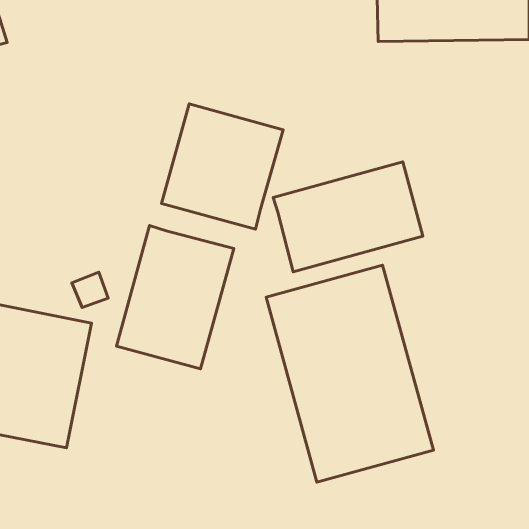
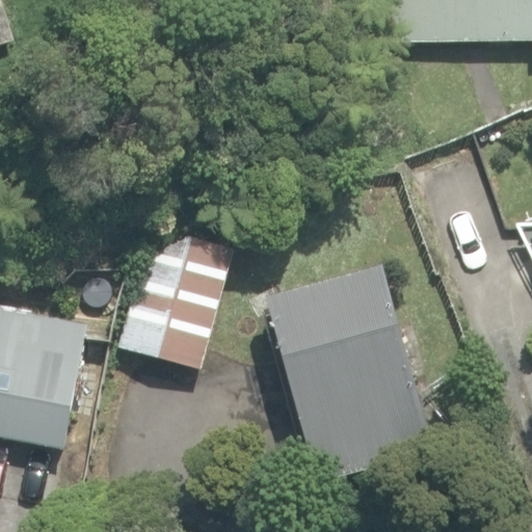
building: [161,104,283,229] -> none
building: [273,162,423,272] -> none

